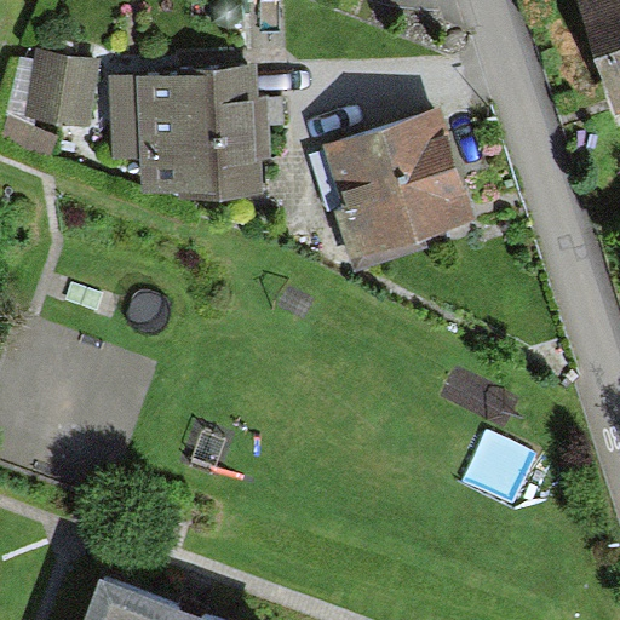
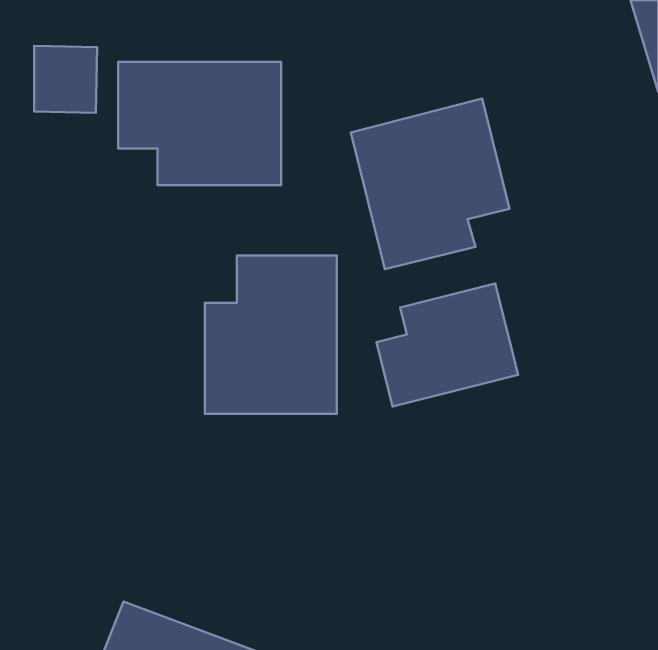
building: none -> [205,256,337,414]
building: none -> [376,284,518,406]

